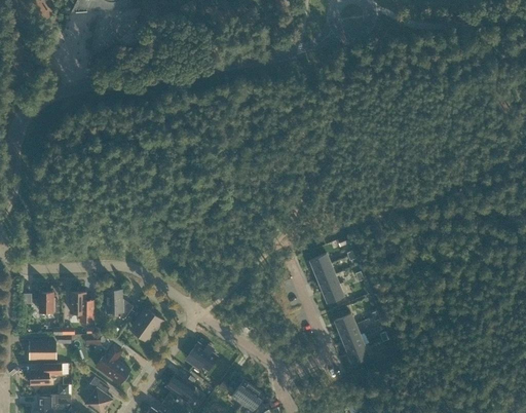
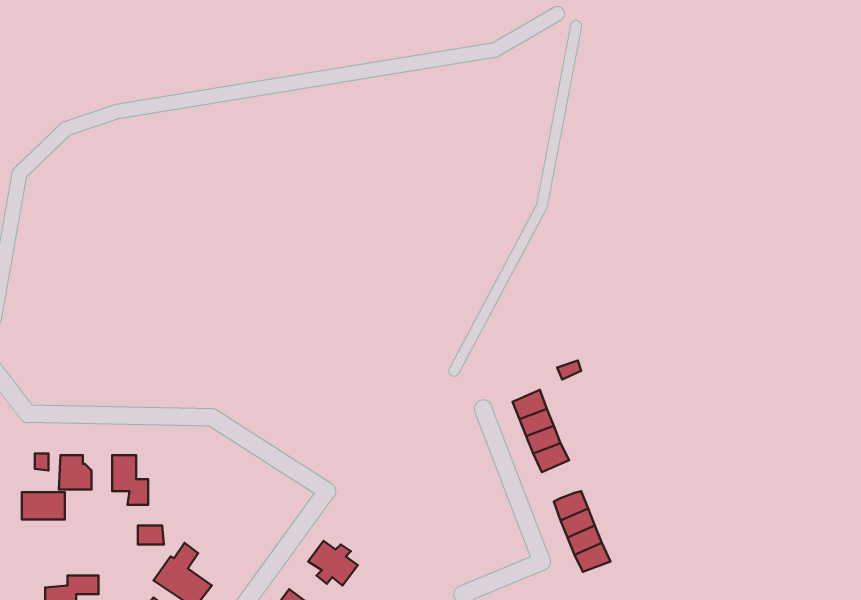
building: [105,292,134,320] -> none
building: [133,309,160,342] -> none
building: [30,343,55,360] -> [22,492,65,520]

